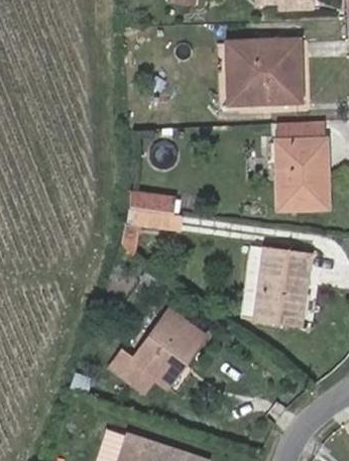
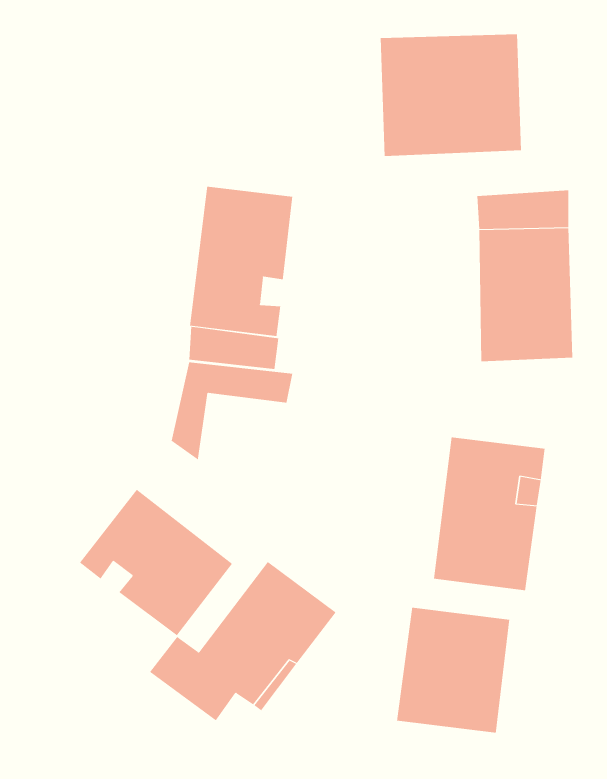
building: none -> [189,186,293,337]
building: none -> [79,489,233,636]
building: none -> [397,607,510,734]

